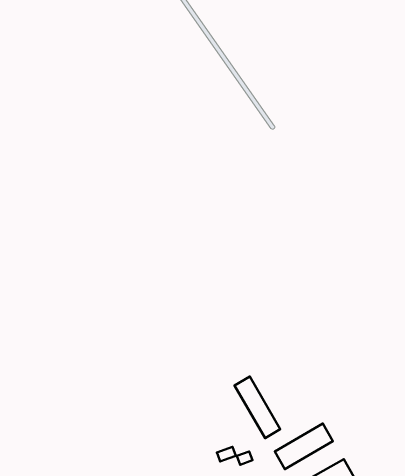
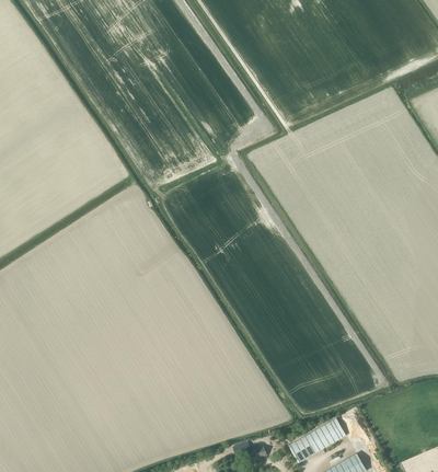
building: [235,377,280,438] -> none

